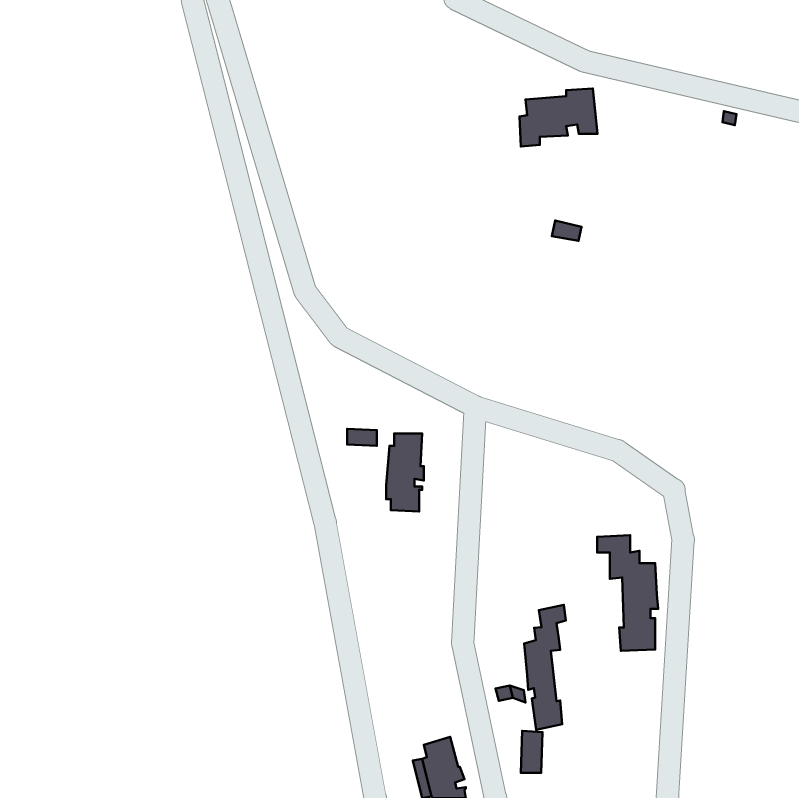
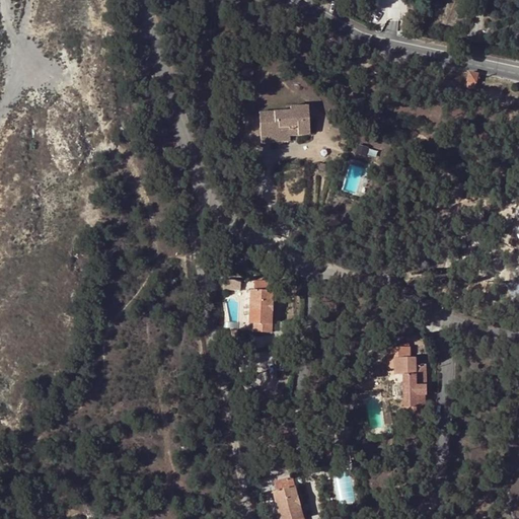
building: [519,88,598,146] -> [260,104,310,142]
building: [524,605,566,730] -> none

